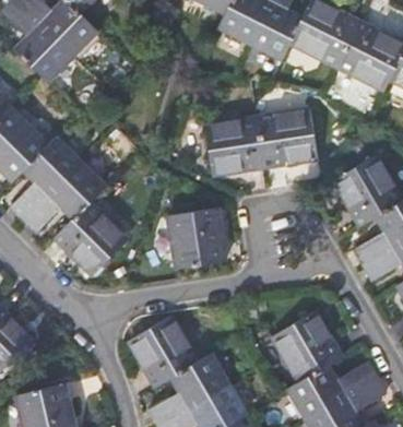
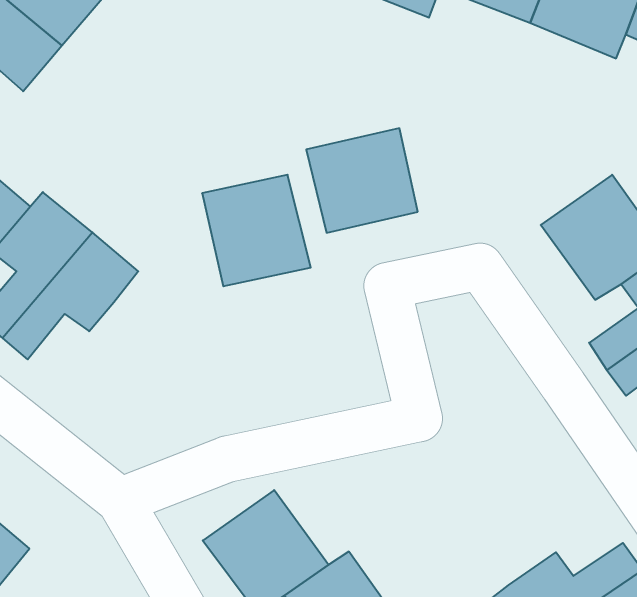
building: [259,112,316,167] -> none
building: [56,204,127,275] -> none
building: [167,209,225,269] -> [202,175,311,286]
building: [274,312,342,382] -> none

